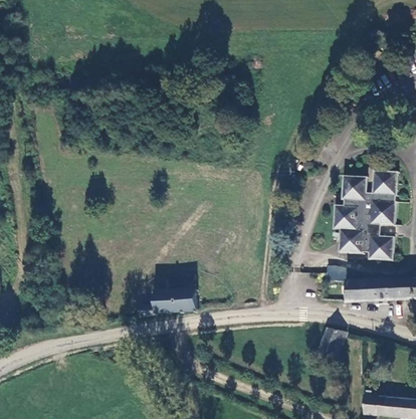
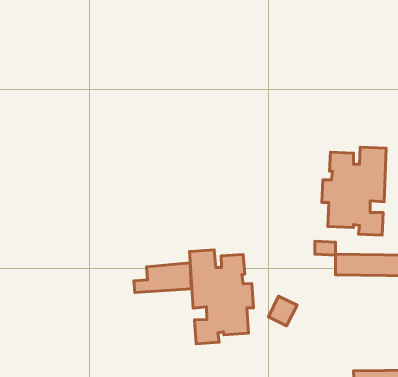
building: none -> [189,250,253,344]
building: [321,327,350,357] -> [269,296,297,326]

